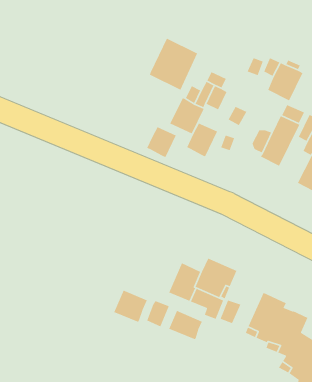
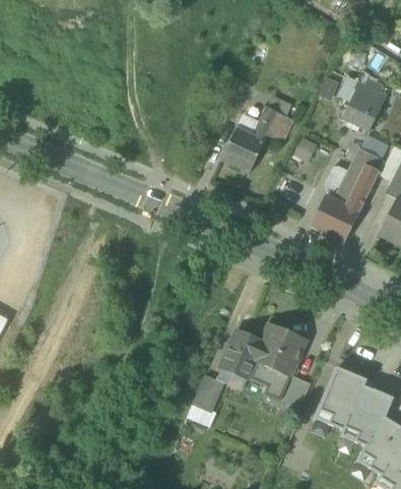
building: [148,37,198,91] -> none
building: [186,122,218,157] -> none
building: [146,126,177,158] -> none
building: none -> [311,195,357,241]
building: [113,289,148,323] -> none
building: [168,310,203,340] -> none

